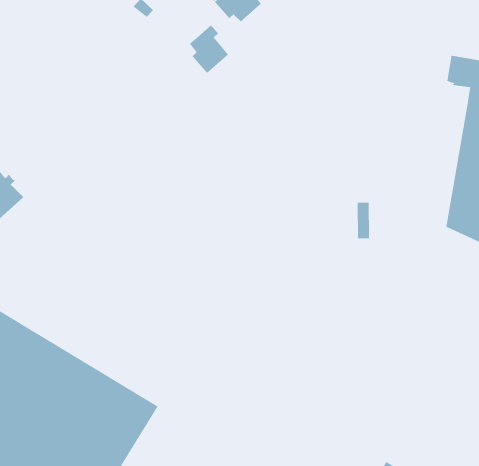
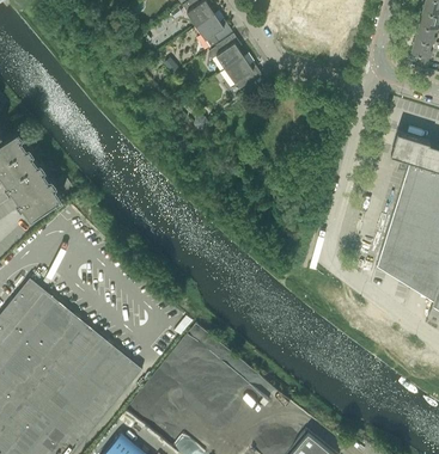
building: [189,25,229,74] -> none

